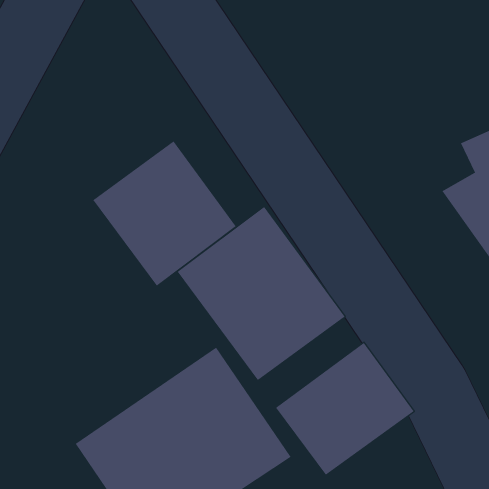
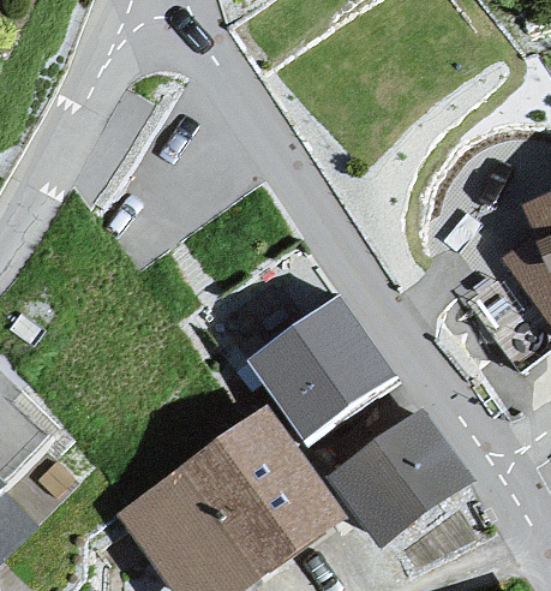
building: [93,140,237,287] -> none

